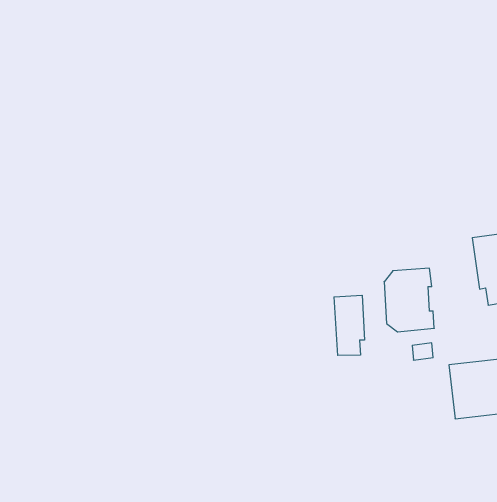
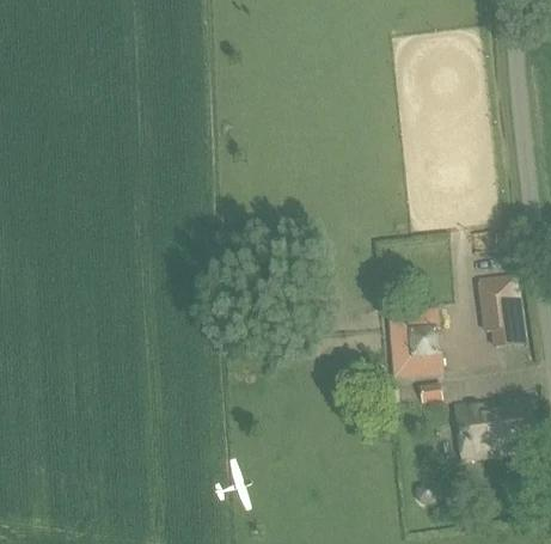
building: [334,295,364,355] -> none

